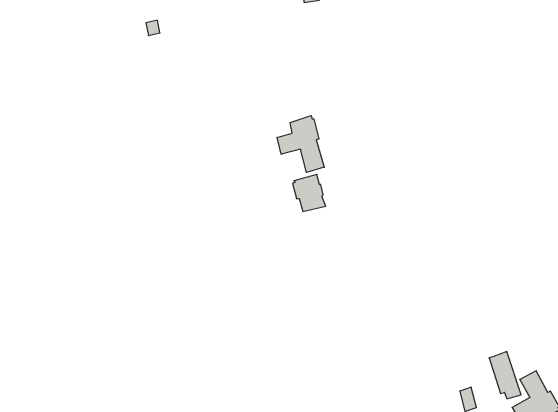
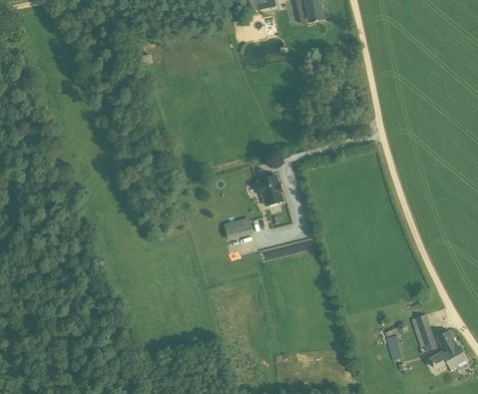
building: [277,116,324,172] -> none
building: none -> [223,217,252,239]

